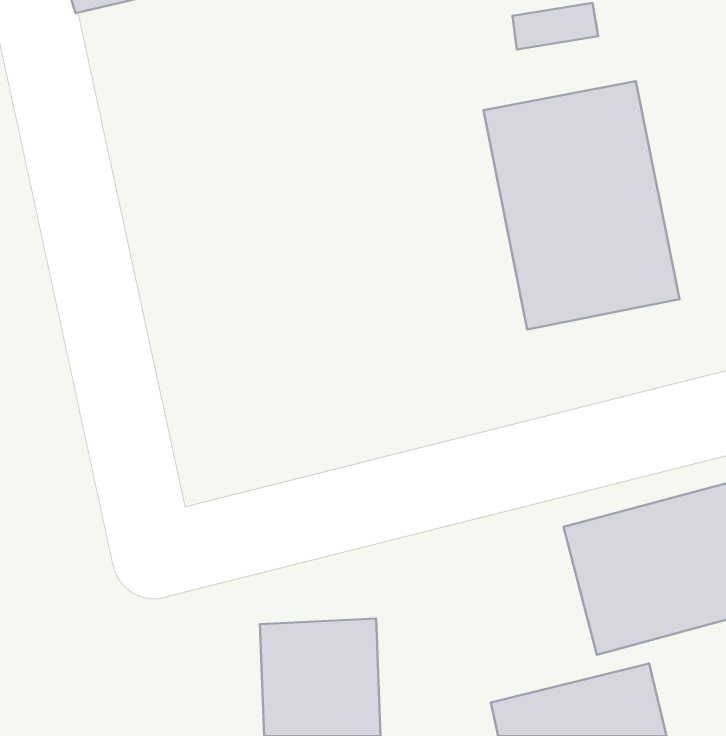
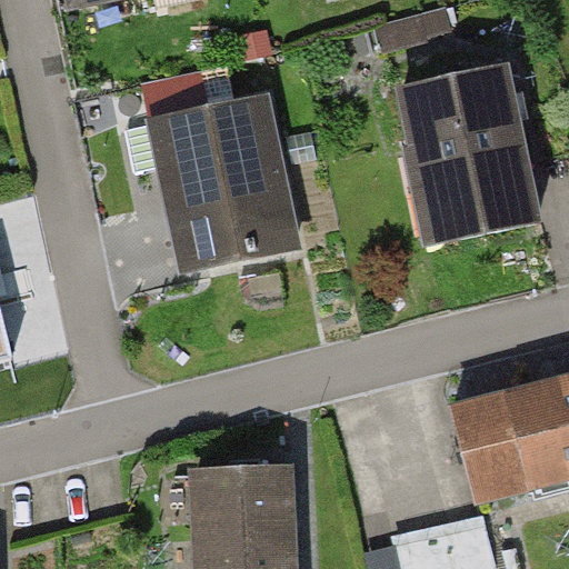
building: none -> [146,92,307,282]

